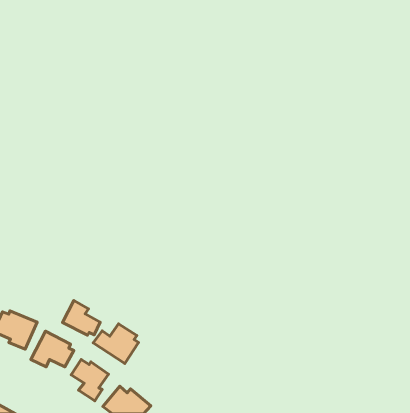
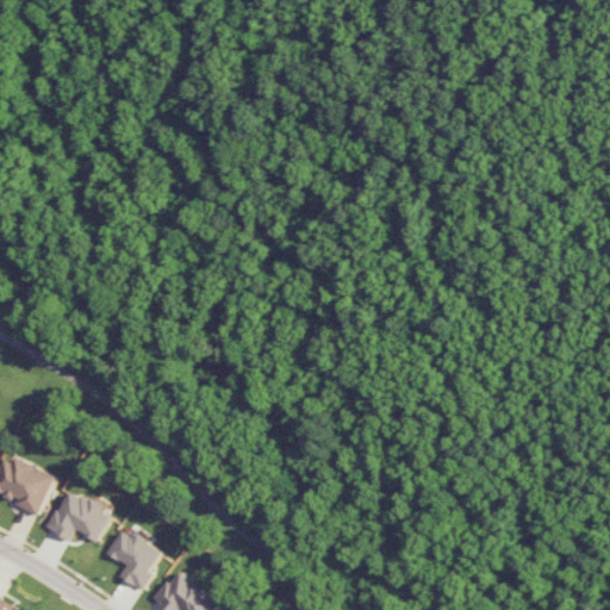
building: [62,301,100,335] -> none
building: [93,324,138,363] -> none

